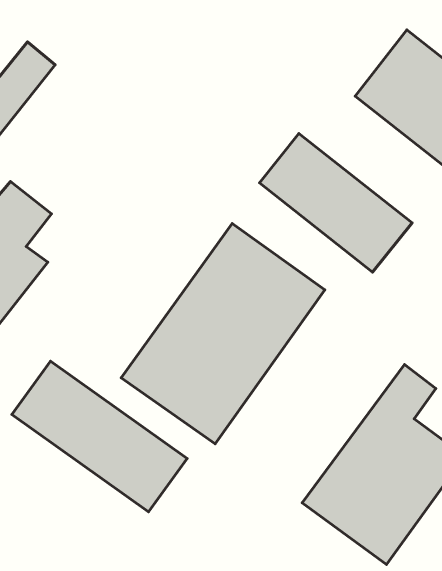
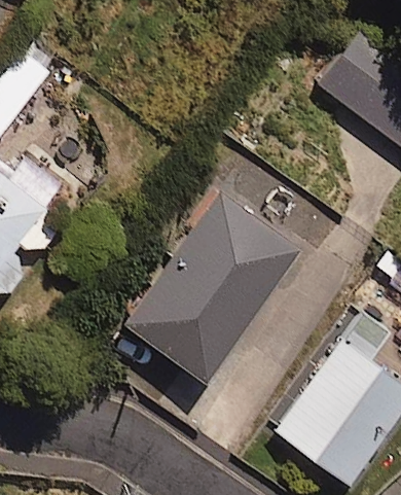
building: [259,133,412,272] -> none
building: [12,361,187,512] -> none

